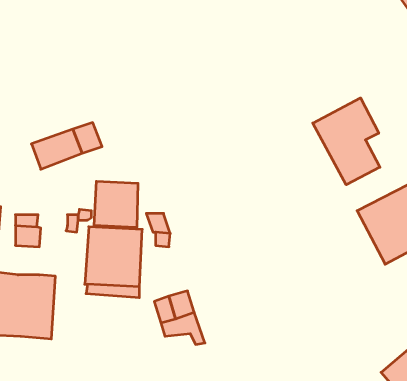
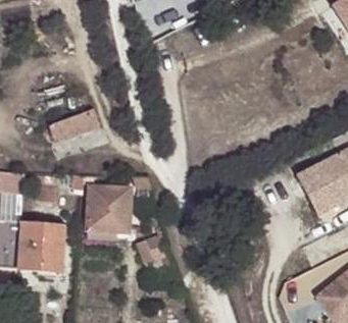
building: [313,98,380,185] -> none
building: [94,181,138,228] -> none

